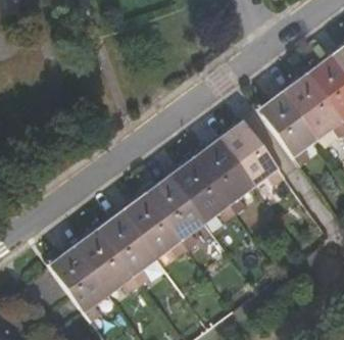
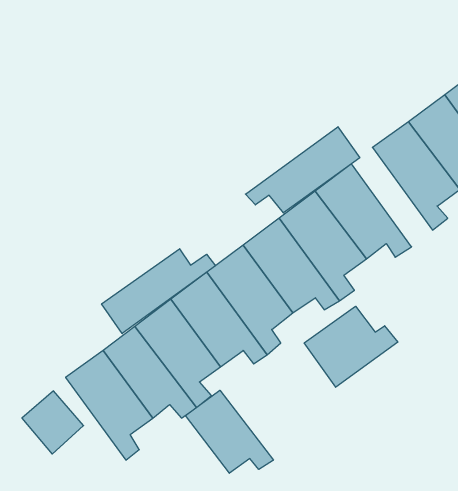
building: none -> [245,127,360,213]
building: none -> [102,249,215,334]
building: none -> [304,306,398,387]
building: none -> [186,390,273,473]

